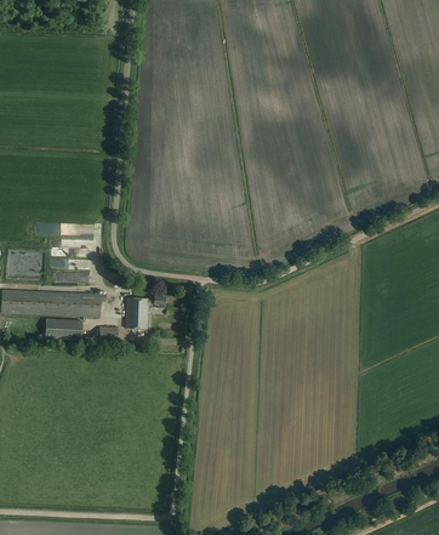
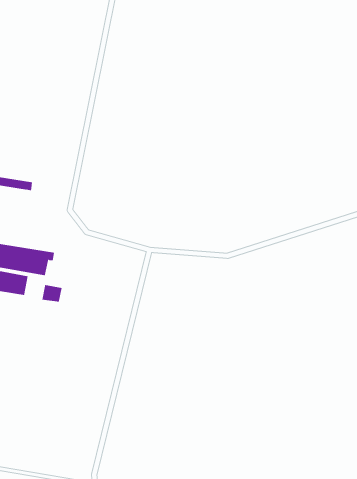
building: [125,296,165,329] -> none

